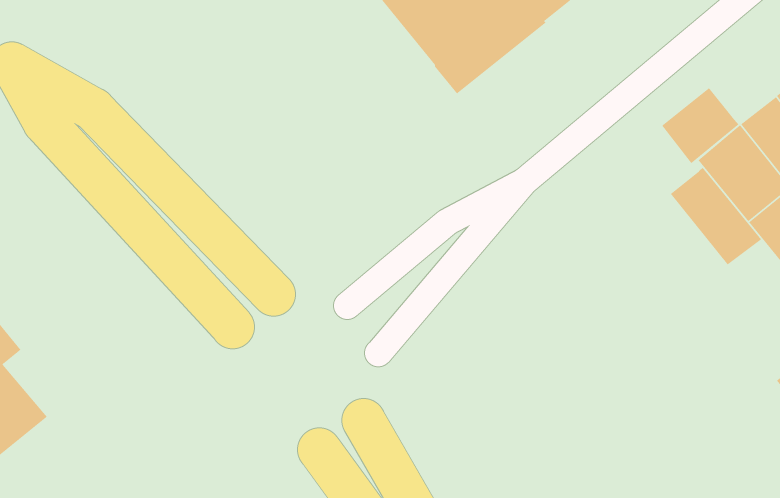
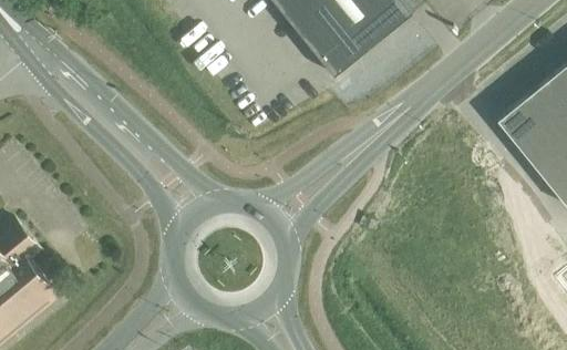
building: [661,87,740,164] -> none
building: [670,167,762,266] -> none

